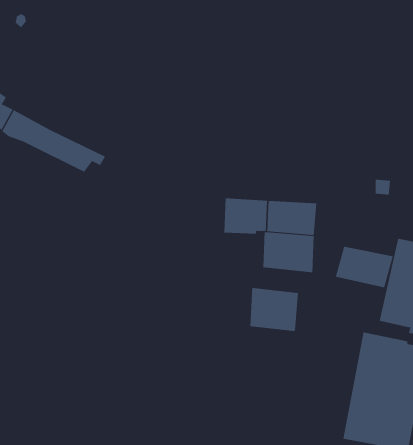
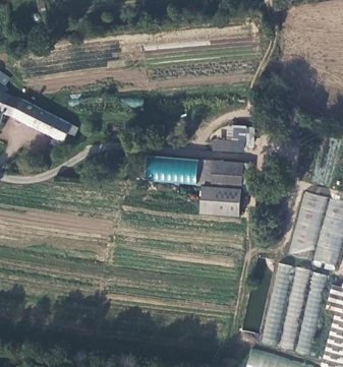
building: none -> [212,124,254,151]
building: [335,246,393,288] -> none
building: [250,287,299,332] -> none

